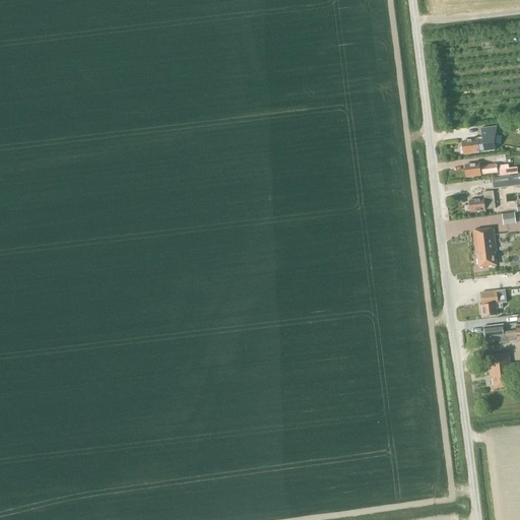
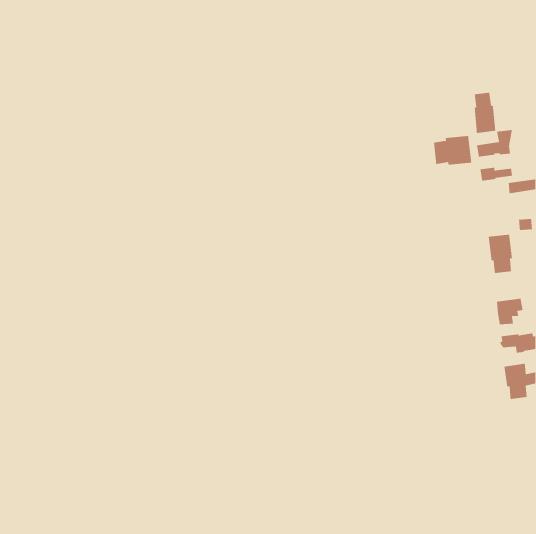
building: none -> [474,92,496,134]
building: none -> [433,135,472,166]
building: [469,189,496,211] -> none

